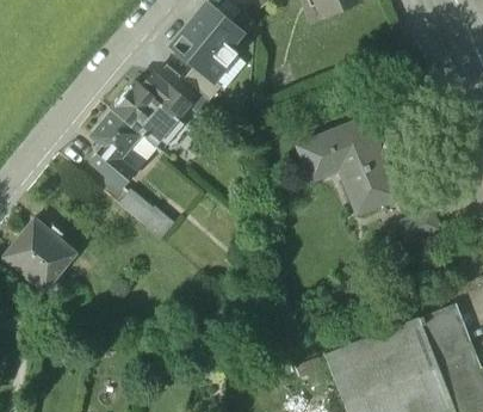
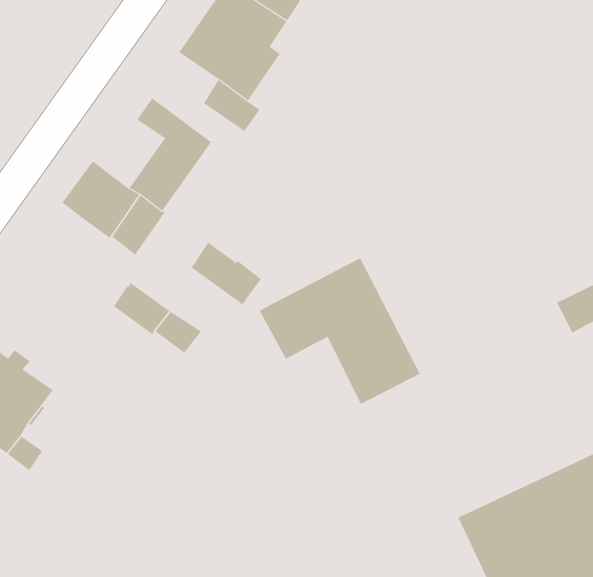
building: [112,80,159,128] -> none
building: [299,118,398,211] -> [259,258,420,405]
building: [91,144,135,186] -> [191,242,262,305]

